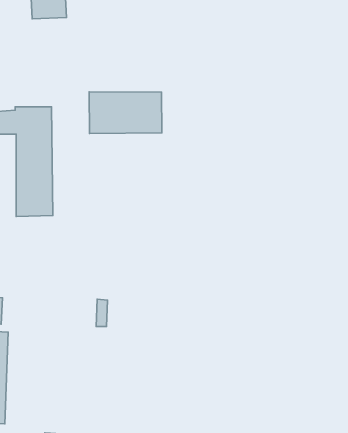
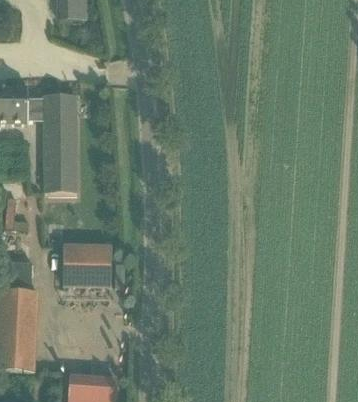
building: [89,92,162,134] -> none
building: none -> [62,248,111,287]

